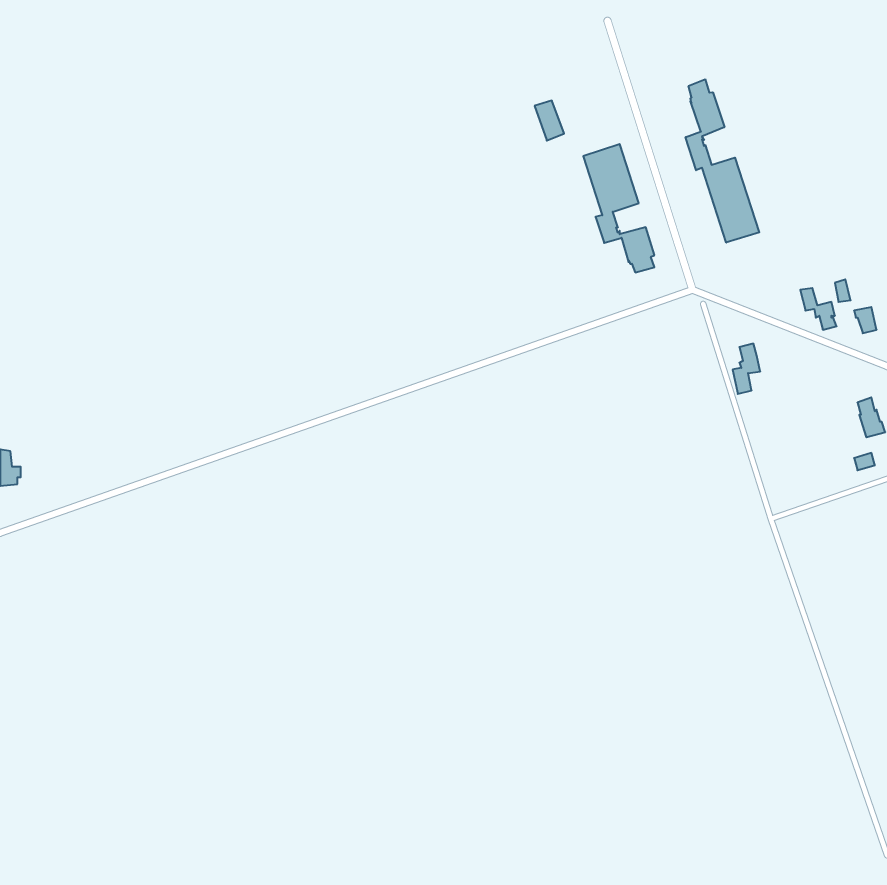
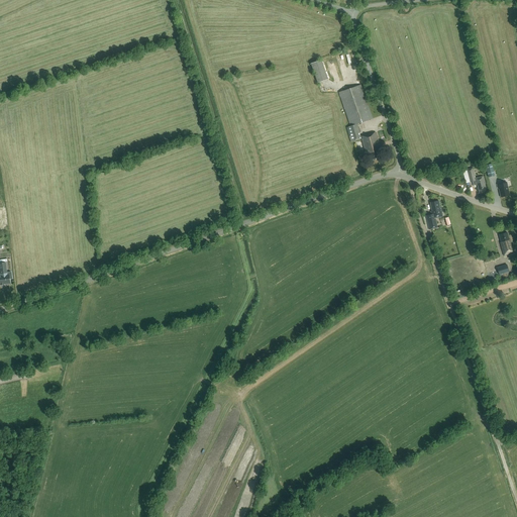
building: [686,79,759,243] -> none

